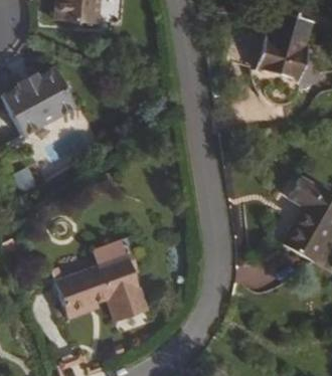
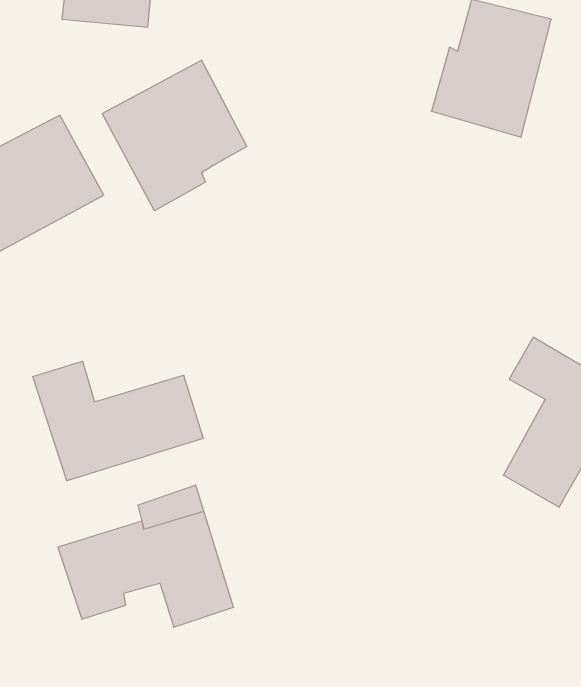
building: none -> [102,60,247,211]
building: none -> [33,361,203,481]

